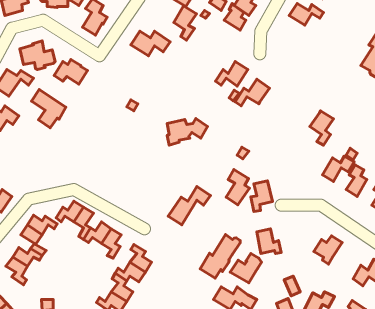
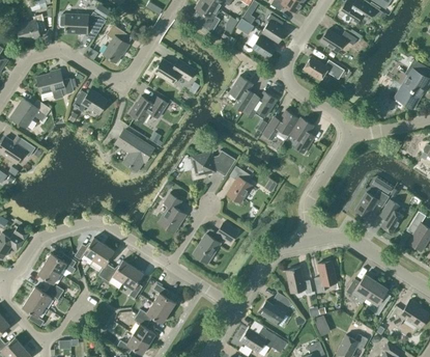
building: [174,6,196,40] -> [229,75,253,111]
building: none -> [303,56,344,80]
building: none -> [128,95,168,122]
building: [31,89,66,128] -> [116,130,152,170]
building: [310,111,333,145] -> [289,116,314,153]
building: none -> [159,193,184,231]
building: [226,170,250,205] -> [227,165,252,202]
building: [251,181,272,211] -> [314,260,337,293]
building: [200,234,240,278] -> none
building: none -> [366,281,388,314]

